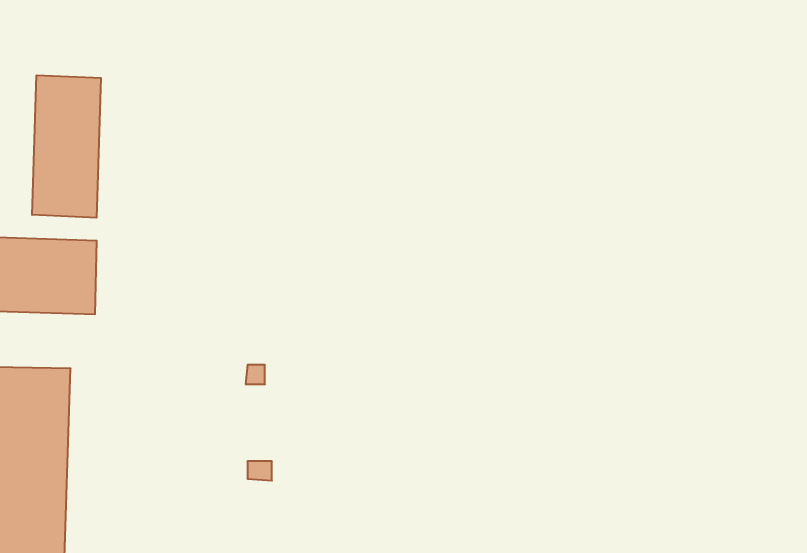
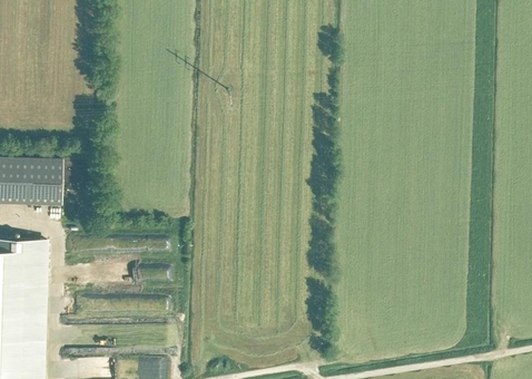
building: [32,75,101,218] -> none

